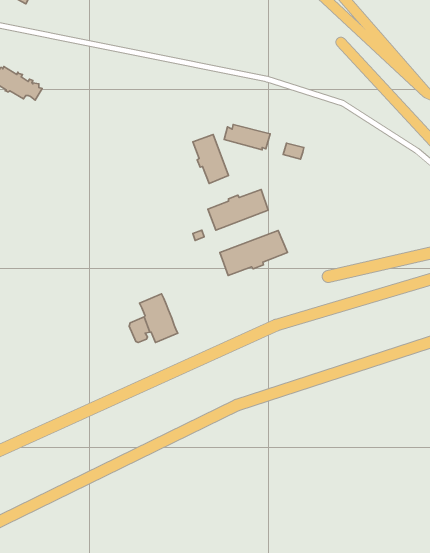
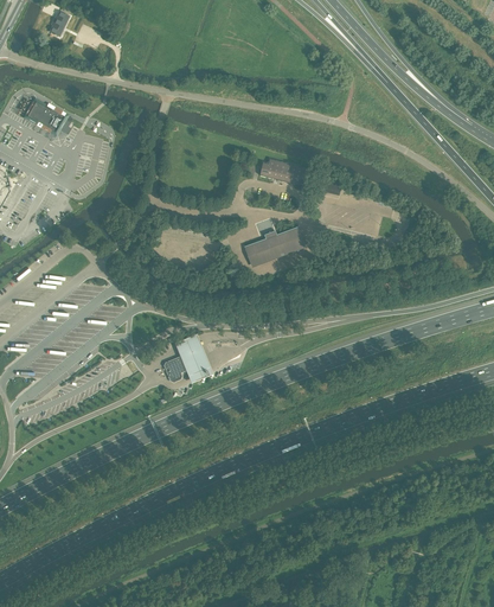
building: [193,134,229,184] -> none
building: [220,231,287,275] -> none

